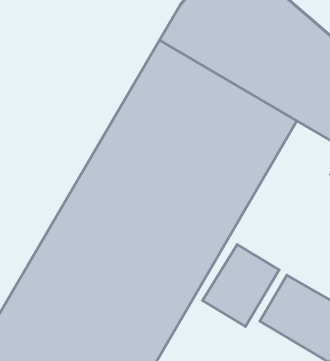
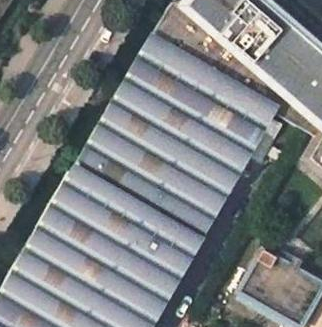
building: [202,245,279,326] -> none

